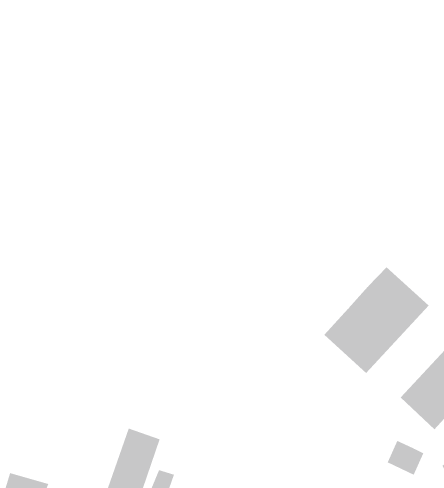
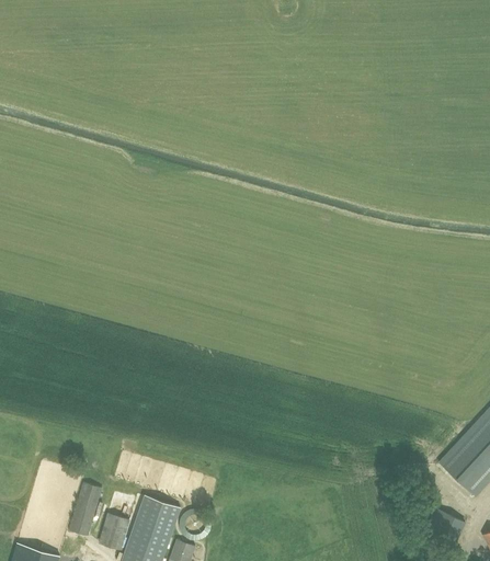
building: [323,266,429,374] -> none
building: none -> [70,481,102,535]
building: none -> [99,513,130,549]

